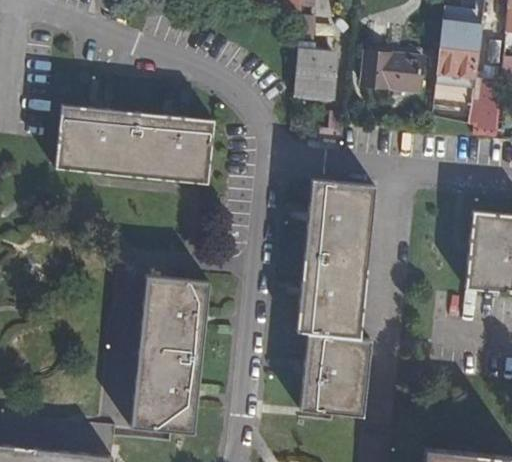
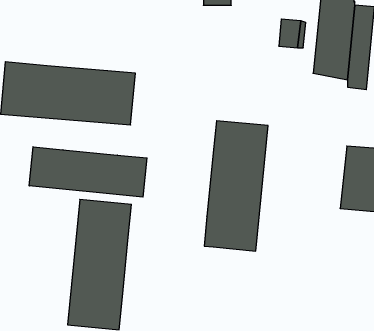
building: [364,52,393,87] -> none
building: [294,56,335,99] -> none
building: none -> [29,147,147,197]
building: [303,332,372,415] -> none

